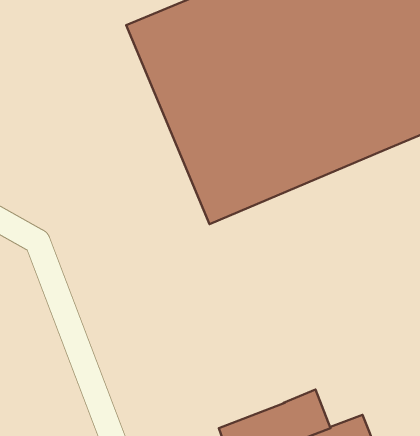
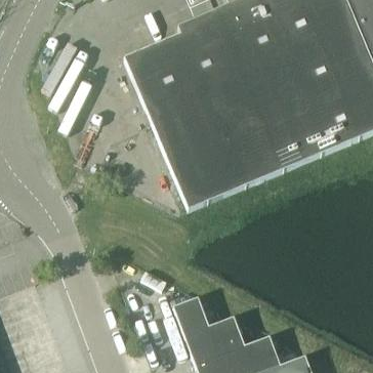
building: none -> [173,296,245,365]

